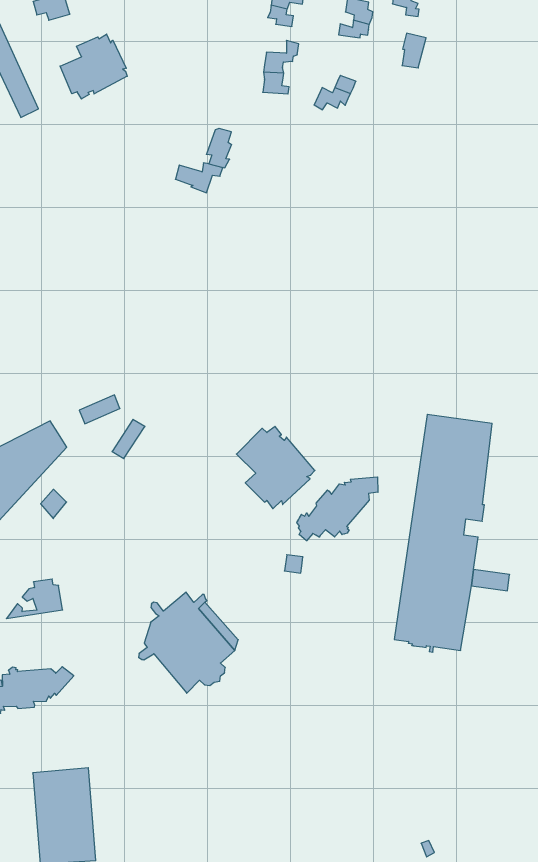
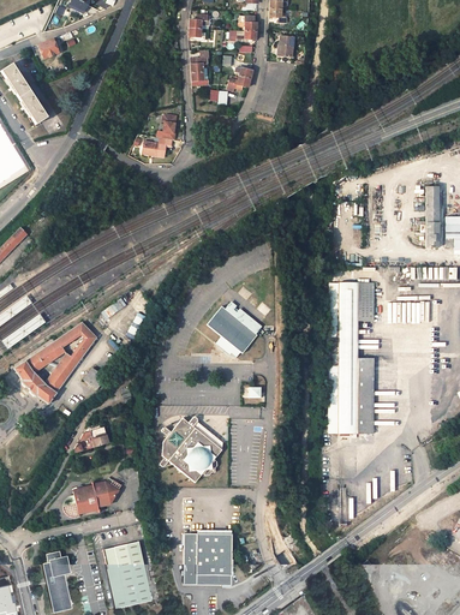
building: [60,34,127,99] -> none
building: [297,477,378,541] -> none
building: none -> [184,535,233,585]

